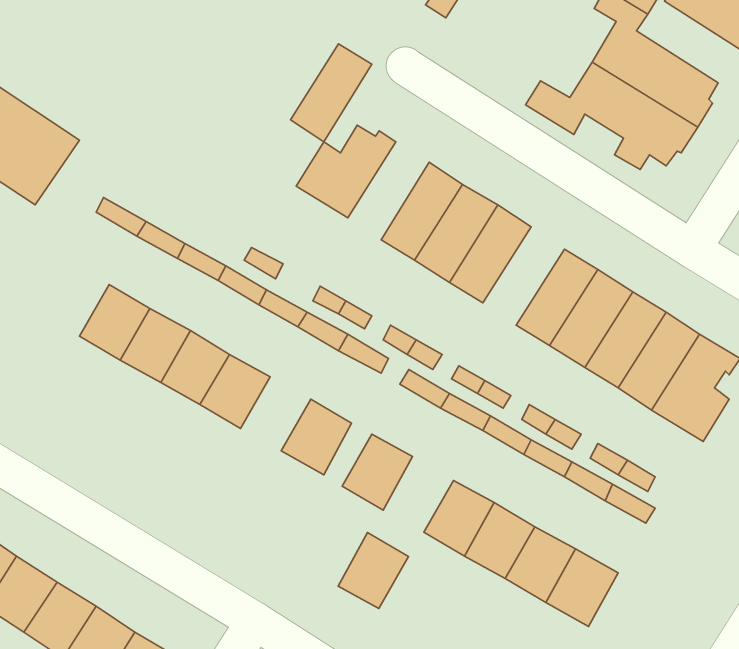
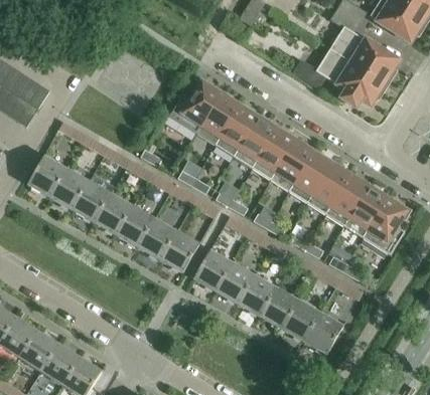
building: [290,44,372,142] -> [196,91,241,145]
building: none -> [270,138,314,191]
building: none -> [28,157,66,197]
building: none -> [138,219,176,259]
building: [338,533,408,608] -> [216,262,254,304]

